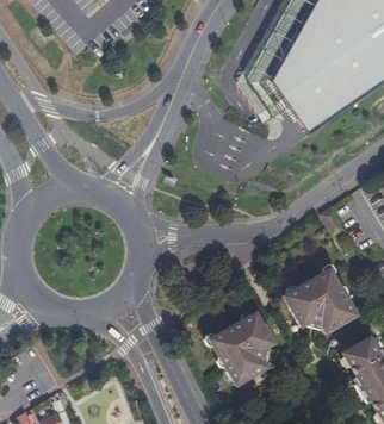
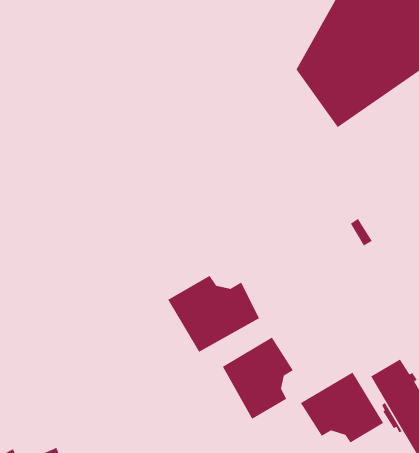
building: none -> [167,275,260,353]
building: [283,268,357,331] -> [300,371,384,444]

